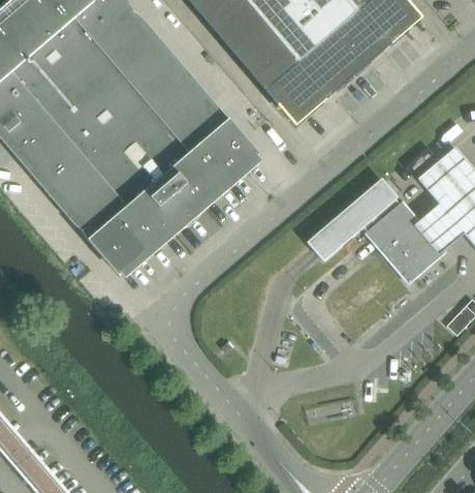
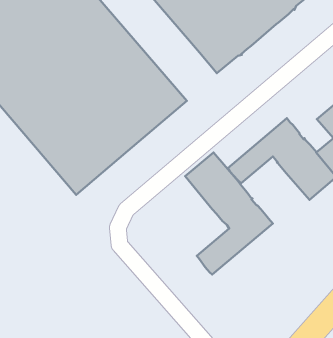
building: none -> [185,152,273,275]

